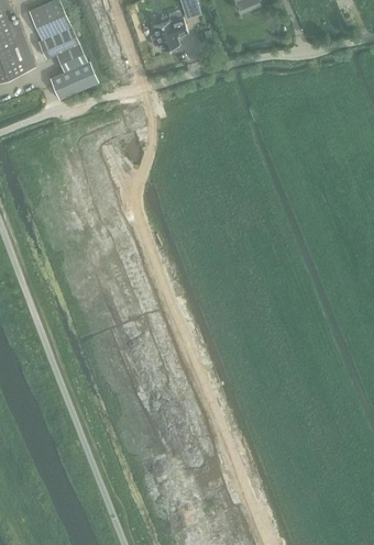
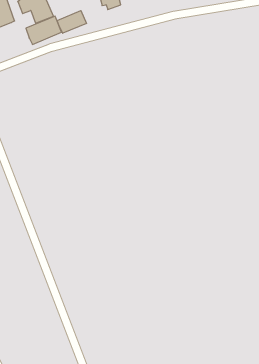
building: none -> [57,11,86,33]

